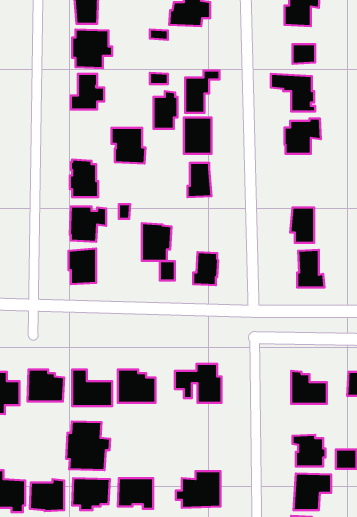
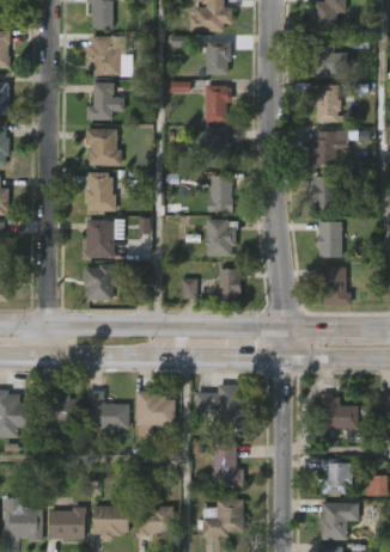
building: [153,91,177,129] -> [206,35,231,74]
building: [111,128,146,163] -> [85,129,121,166]
building: none -> [312,177,351,213]
building: [142,223,171,261] -> [206,219,237,258]
building: none -> [212,443,244,486]
building: [66,421,110,470] -> none

